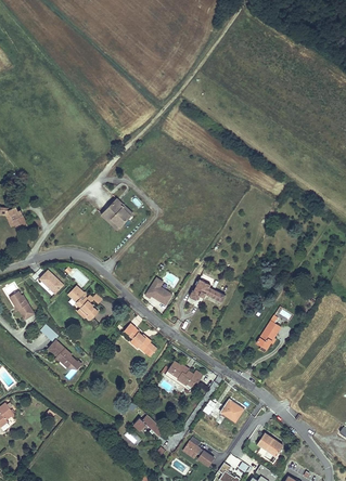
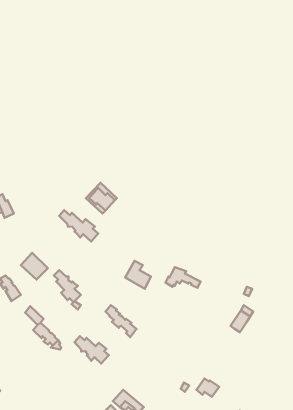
building: none -> [59,210,98,241]
building: none -> [74,336,109,364]
building: [165,361,203,390] -> none

